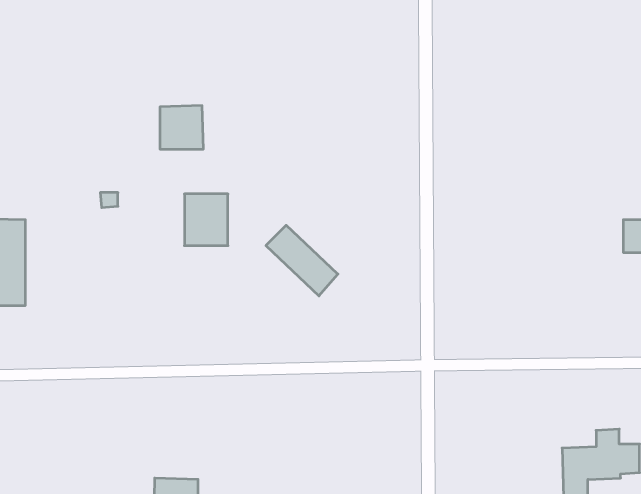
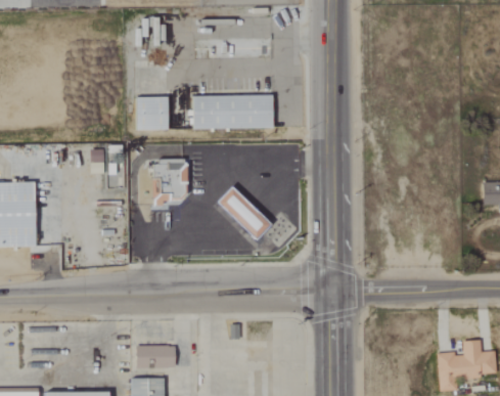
building: none -> [192,94,273,129]
building: none -> [137,345,176,368]

